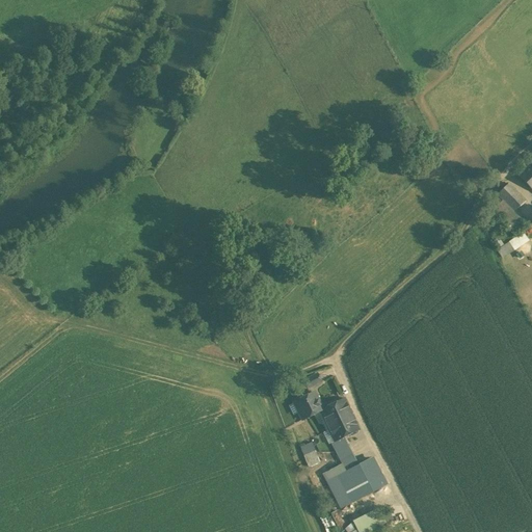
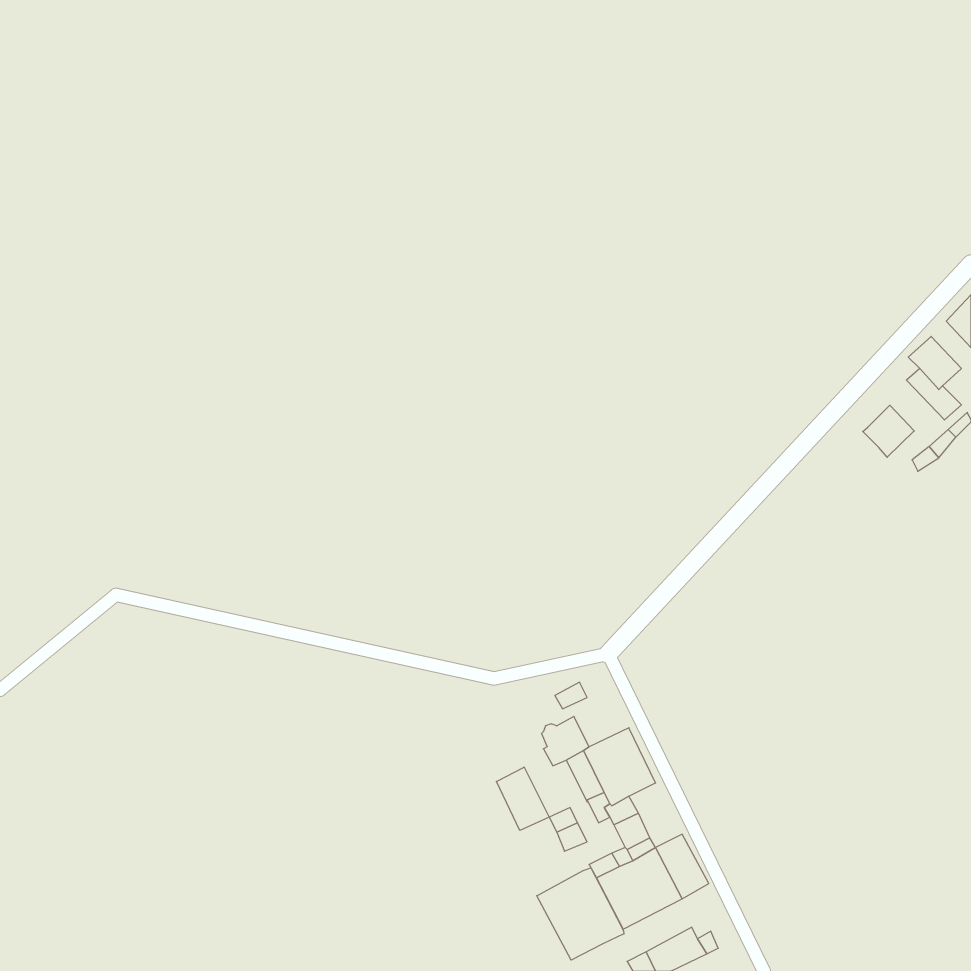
building: none -> [863,405,914,457]
building: none -> [496,767,549,830]
building: none -> [537,868,624,960]

